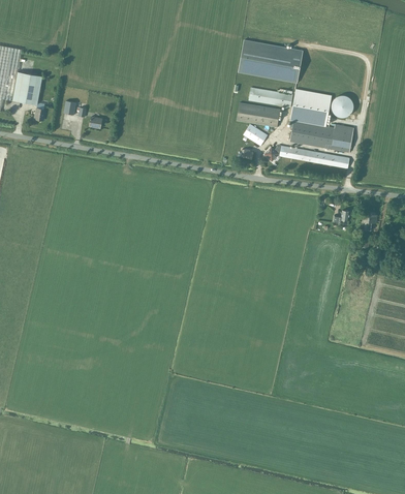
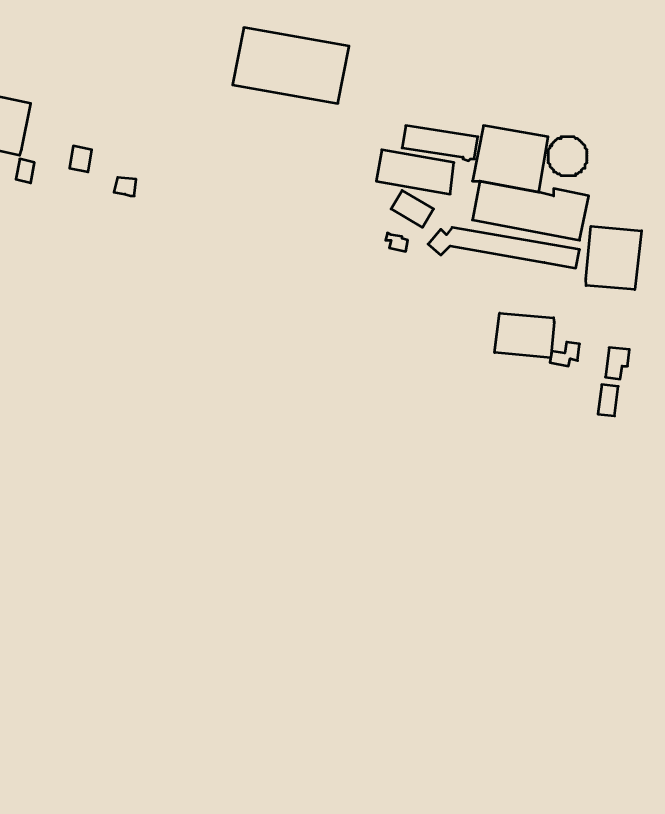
building: [238,40,303,83] -> [233,28,349,103]
building: none -> [586,226,642,290]
building: none -> [495,313,554,358]

